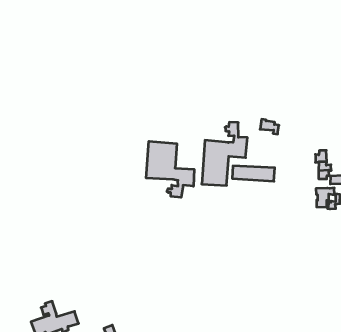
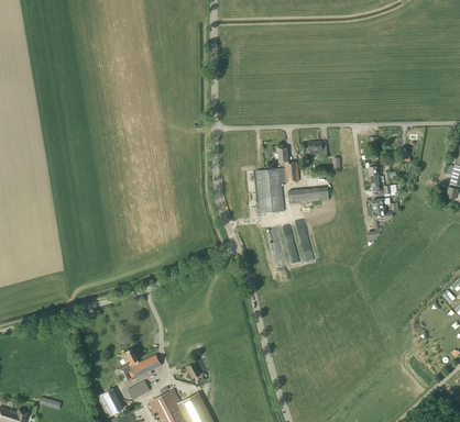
building: [146,141,194,197] -> none

